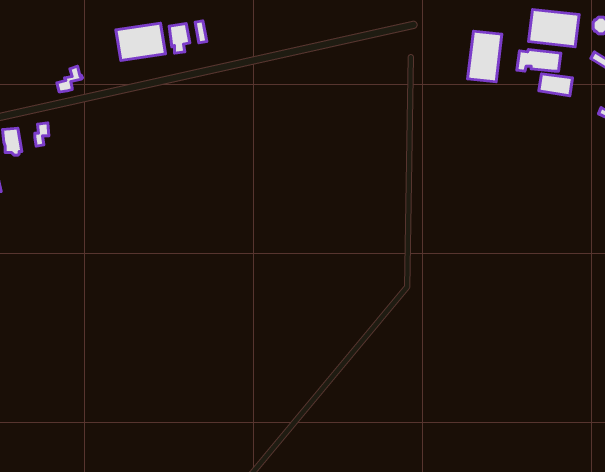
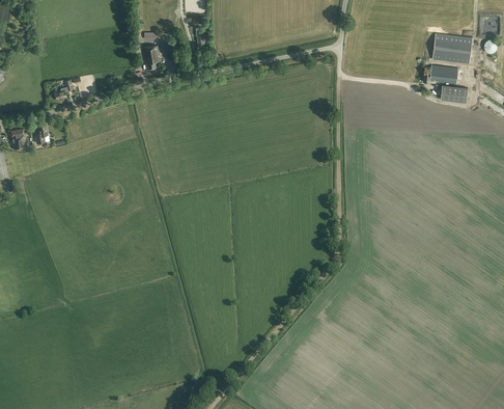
building: [116,23,165,61] -> none
building: [468,31,502,82] -> none

